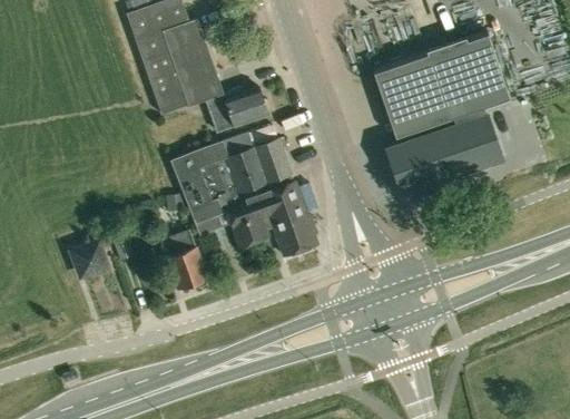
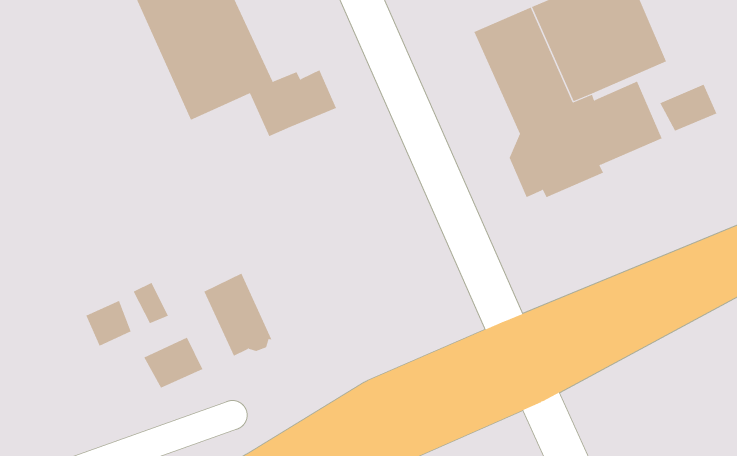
building: none -> [660,84,717,132]
building: [174,138,316,255] -> none
building: none -> [143,337,203,389]

